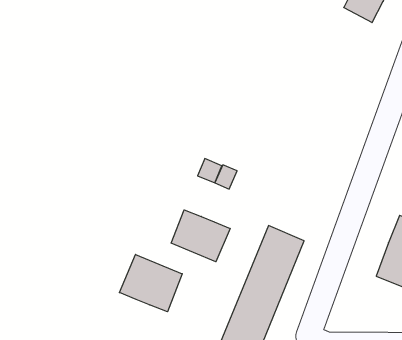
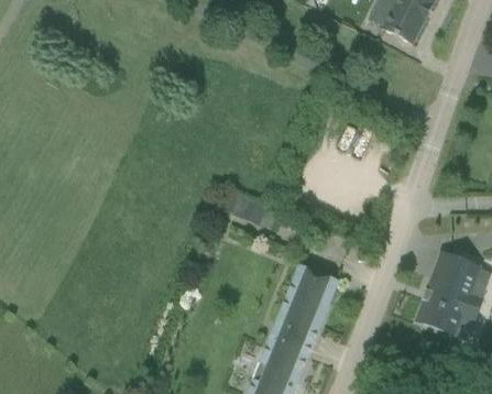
building: [171,210,230,262] -> none
building: [119,254,182,312] -> none

